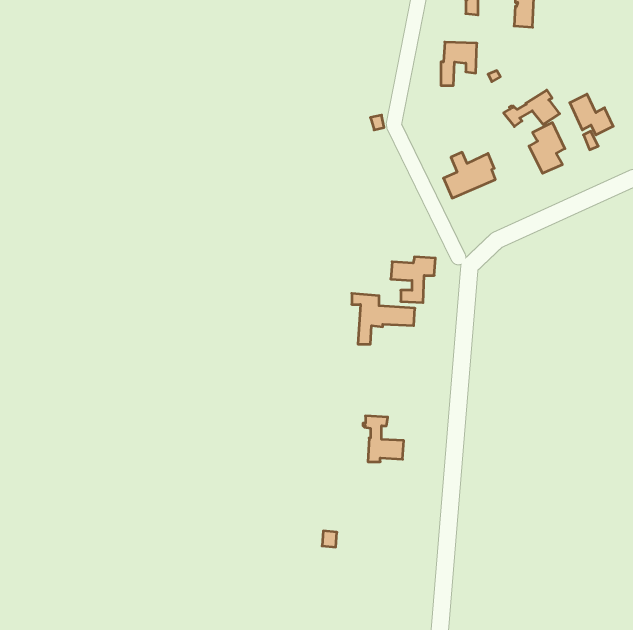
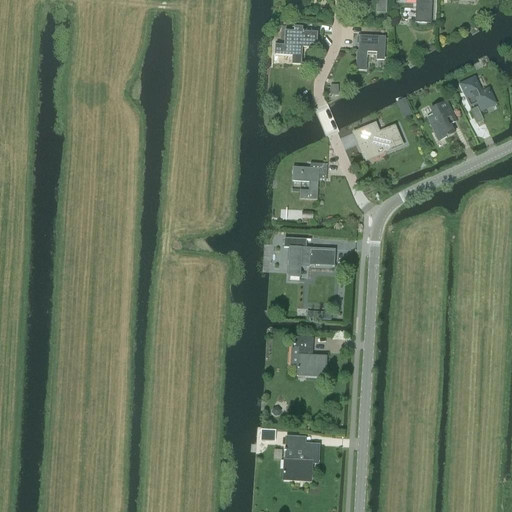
building: none -> [274,30,317,63]
building: [504,90,560,127] -> none
building: [391,257,435,303] -> [291,162,327,199]
building: none -> [283,435,319,478]

